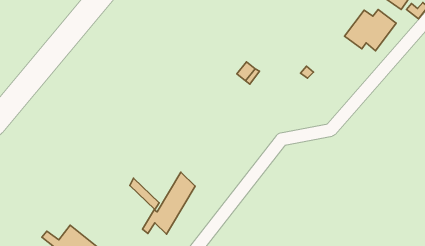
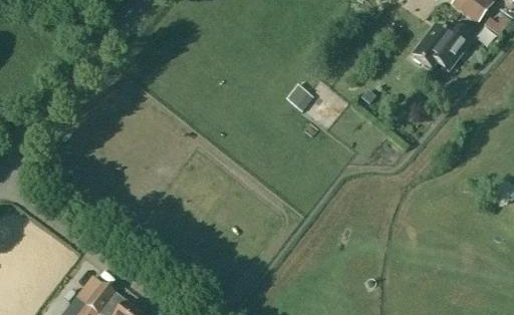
building: [130,172,195,234] -> none

